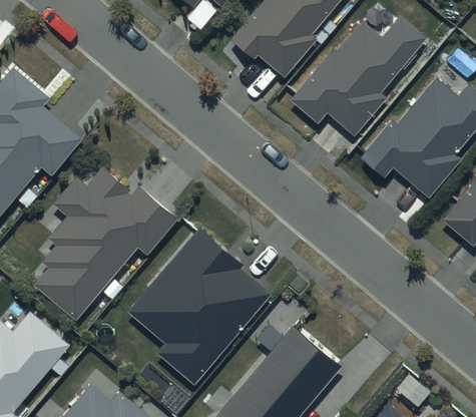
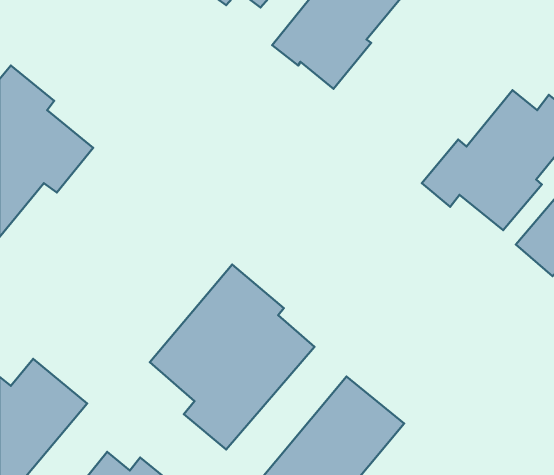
building: [289,9,425,128] -> none
building: [32,159,175,314] -> none

